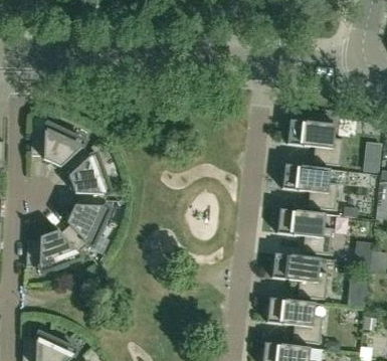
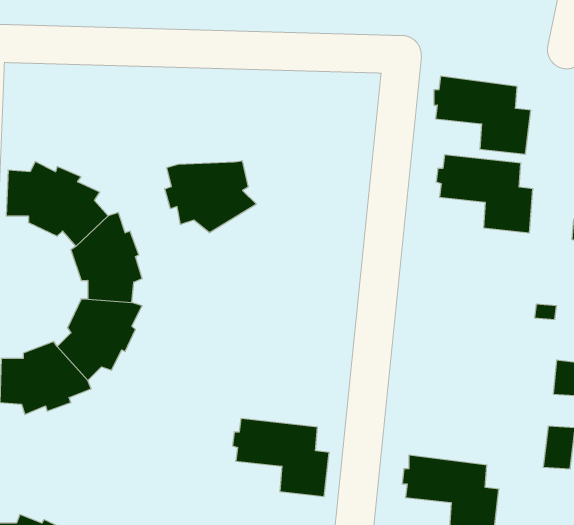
building: none -> [165,161,256,233]
building: [281,162,339,208] -> [434,76,531,154]
building: [275,207,333,253] -> none
building: [270,251,328,298] -> [232,419,329,497]

